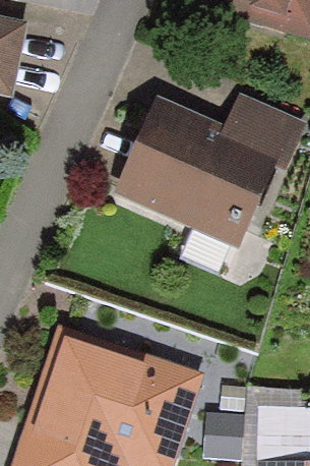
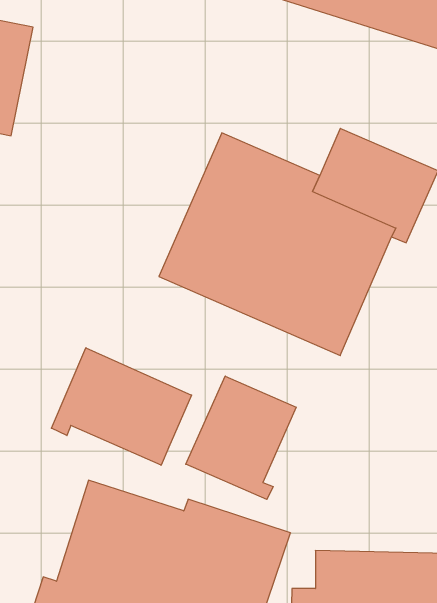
building: none -> [51,348,192,465]
building: none -> [186,376,296,499]

